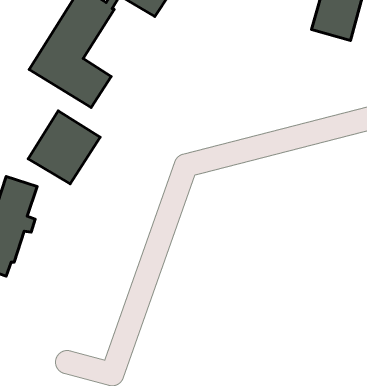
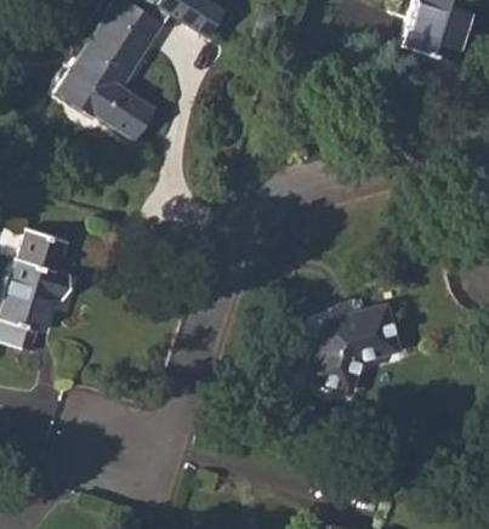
building: [28,111,100,184] -> none
building: none -> [303,307,392,391]

